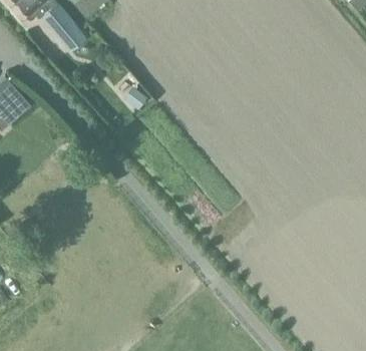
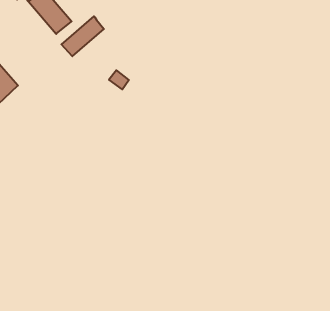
building: none -> [61,16,104,56]

